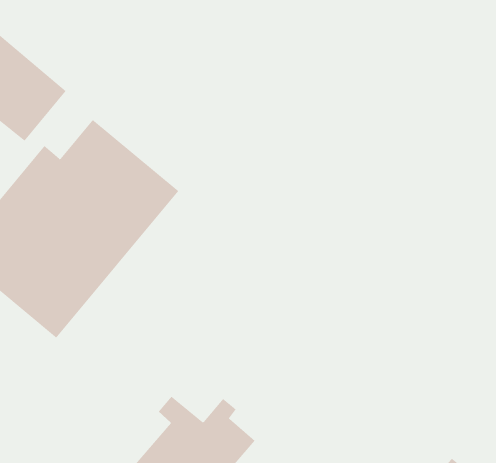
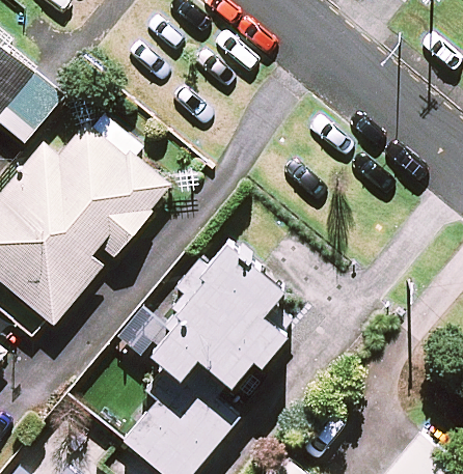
building: none -> [151,250,284,385]

